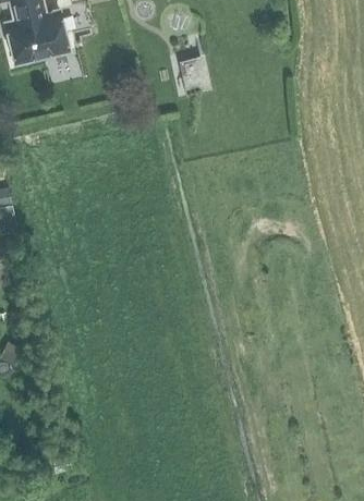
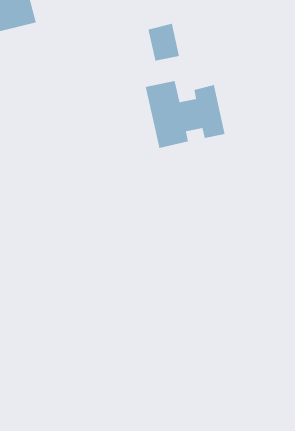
building: none -> [145,80,226,149]

